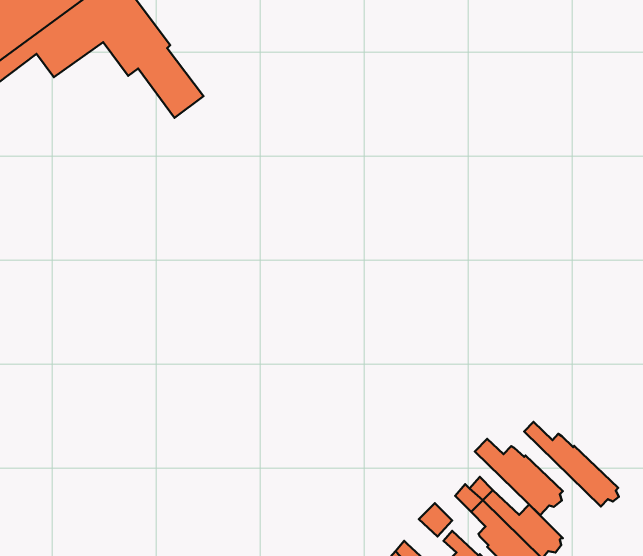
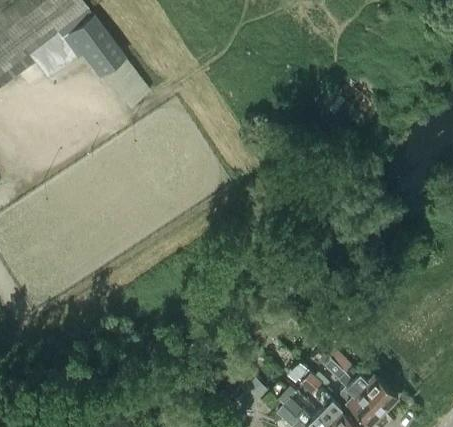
building: [524,422,619,507] -> none
building: [475,439,563,515] -> none

